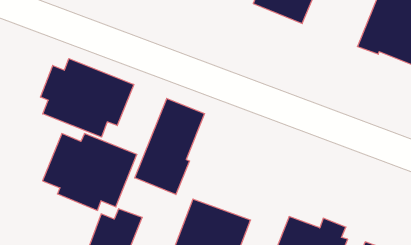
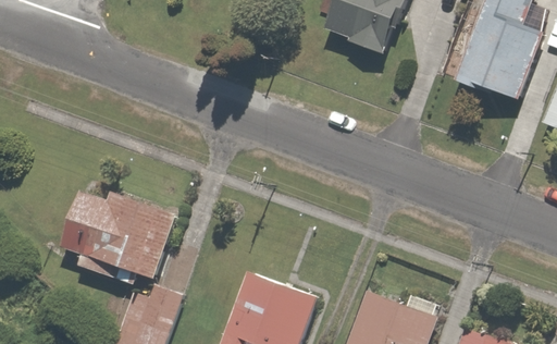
building: [41,59,134,137] -> none
building: [135,98,205,195] -> none

